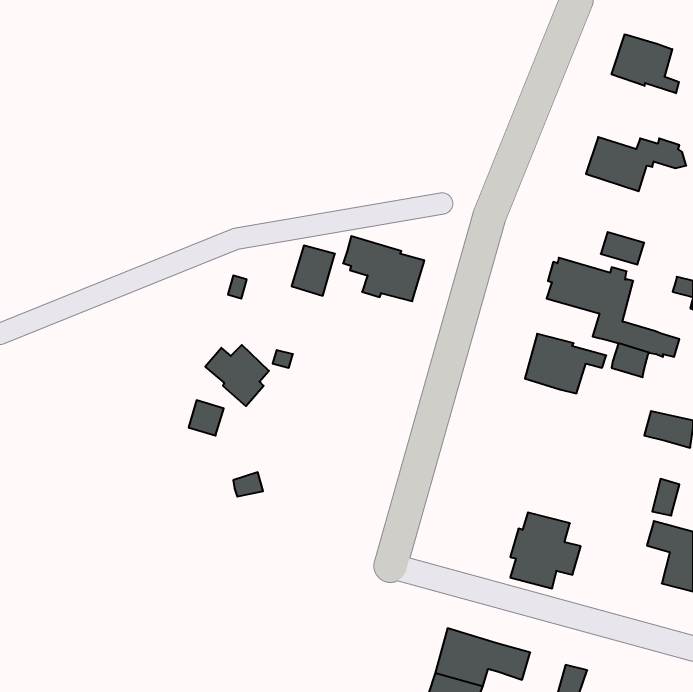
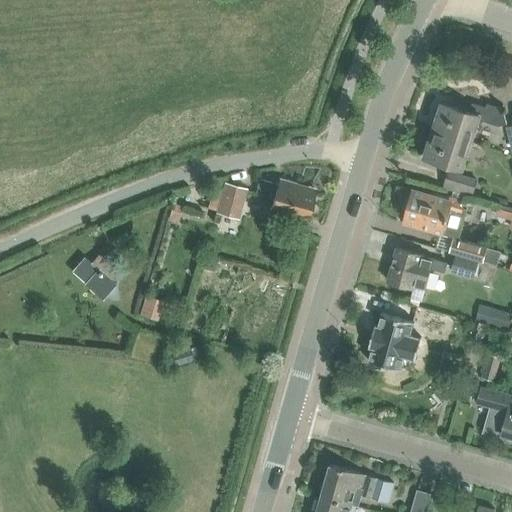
building: [612,34,679,93] -> none
building: none -> [423,129,471,169]
building: [205,345,269,406] -> [72,255,119,300]
building: [510,512,581,588] -> [369,314,421,370]

